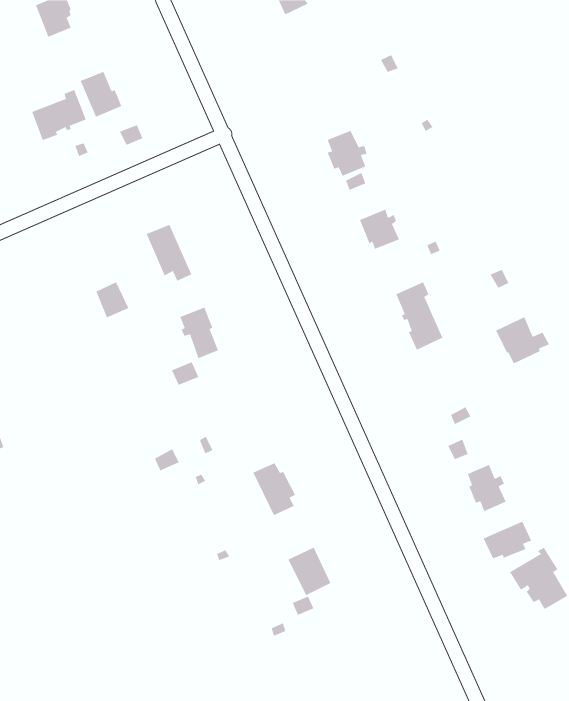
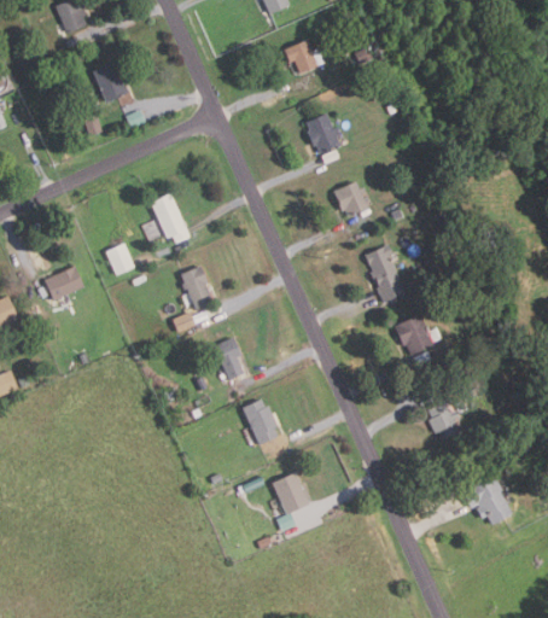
building: none -> [281,40,322,74]
building: [31,89,86,141] -> none
building: none -> [43,267,83,301]
building: [495,316,550,364] -> [395,315,442,356]
building: none -> [211,338,244,381]
building: [483,521,532,559] -> none

